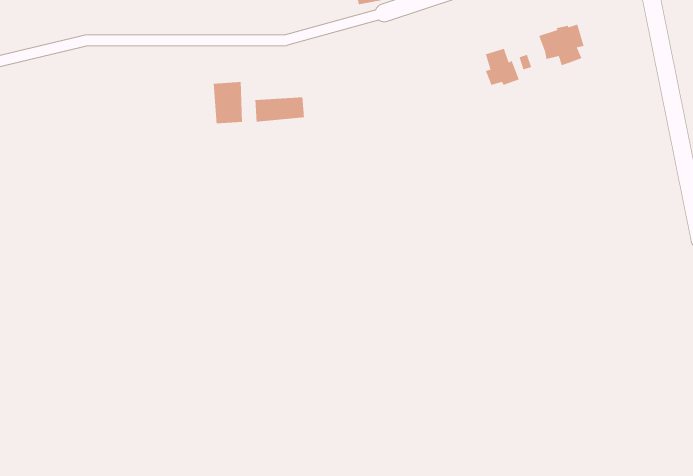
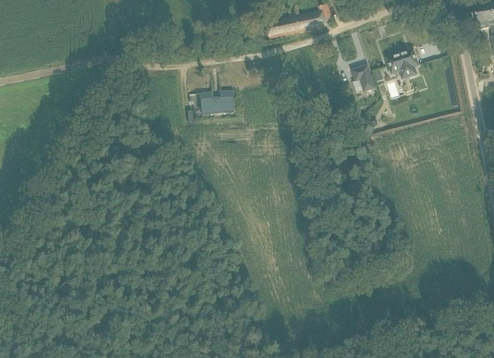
building: [213,81,243,124] -> none

